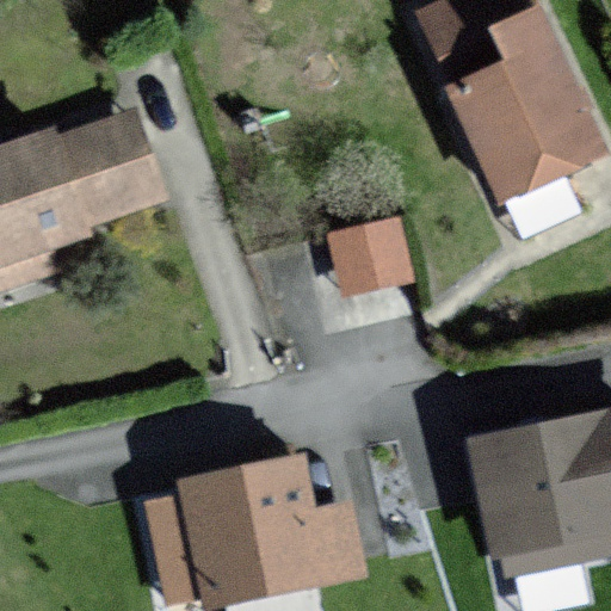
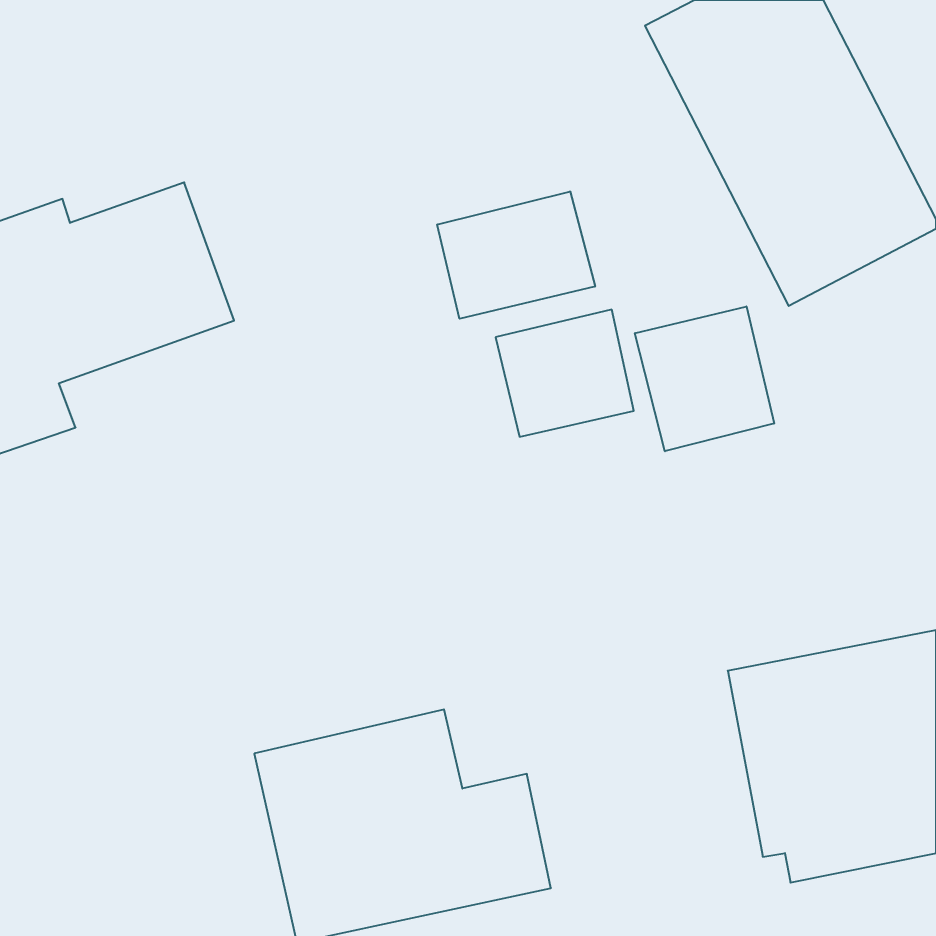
building: none -> [437,191,595,319]
building: none -> [635,306,774,451]

